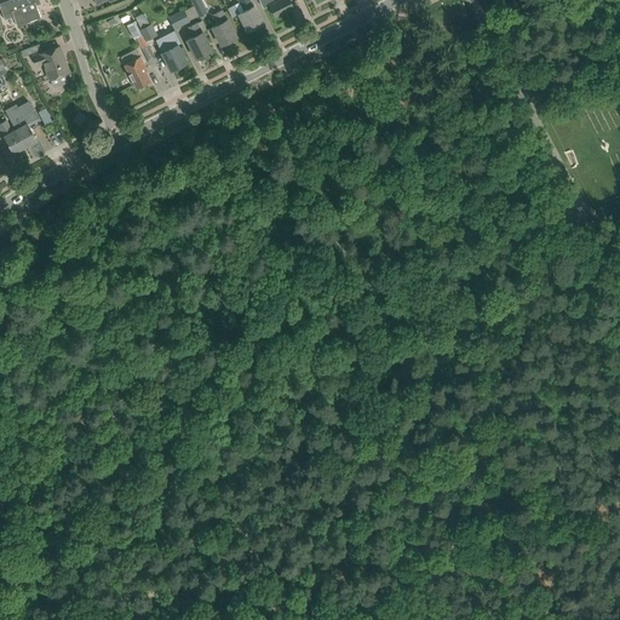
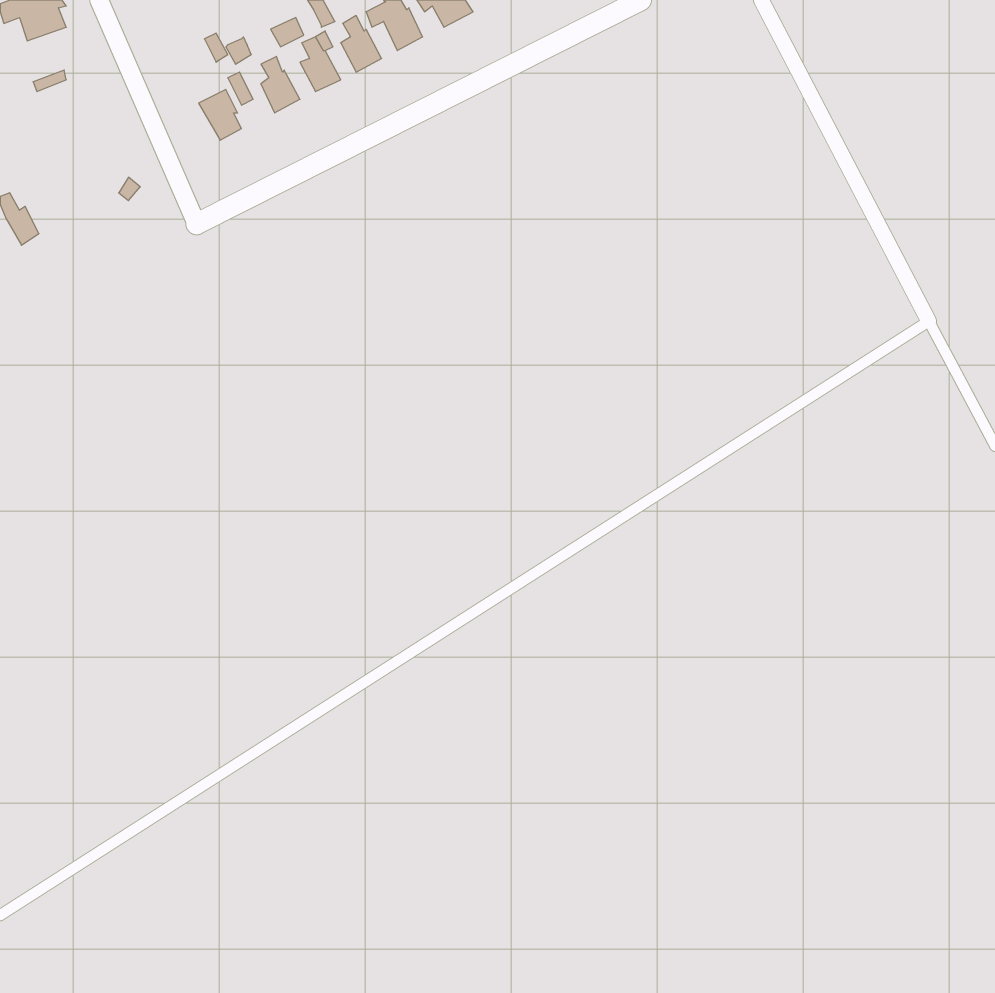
building: [34,47,69,80] -> none
building: [10,108,39,147] -> none

